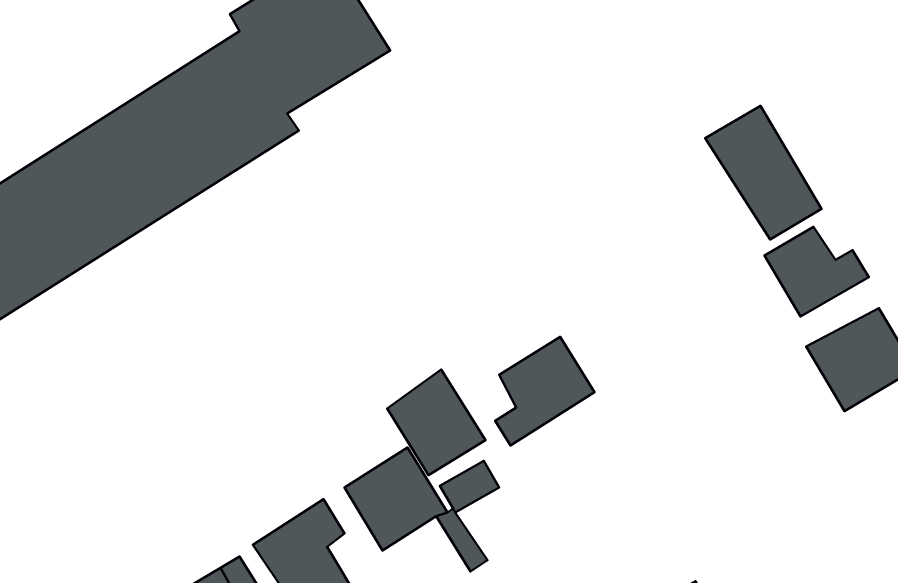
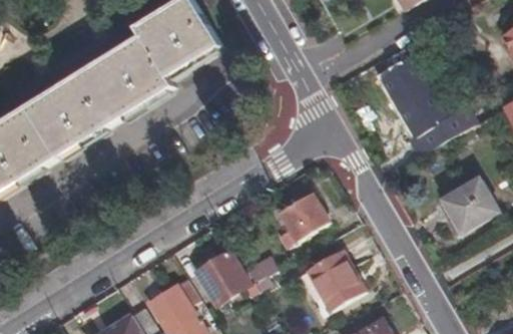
building: [764,227,869,316] -> none
building: [387,369,485,475] -> none
building: none -> [308,249,367,311]

